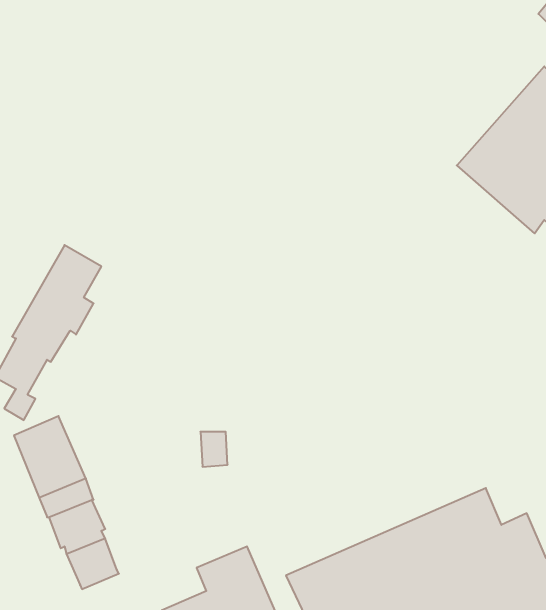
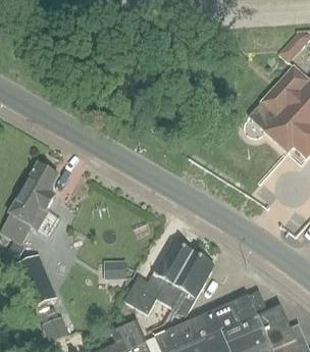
building: none -> [124,238,212,313]

